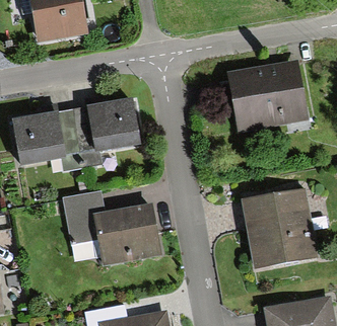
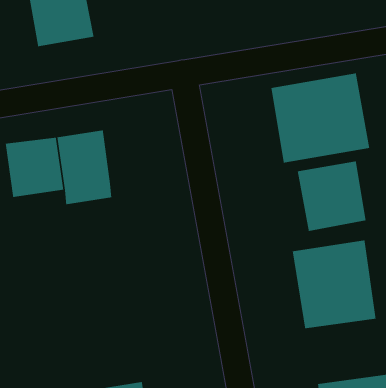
building: [92,99,141,149] -> none
building: none -> [297,161,367,232]
building: [66,194,160,263] -> none

